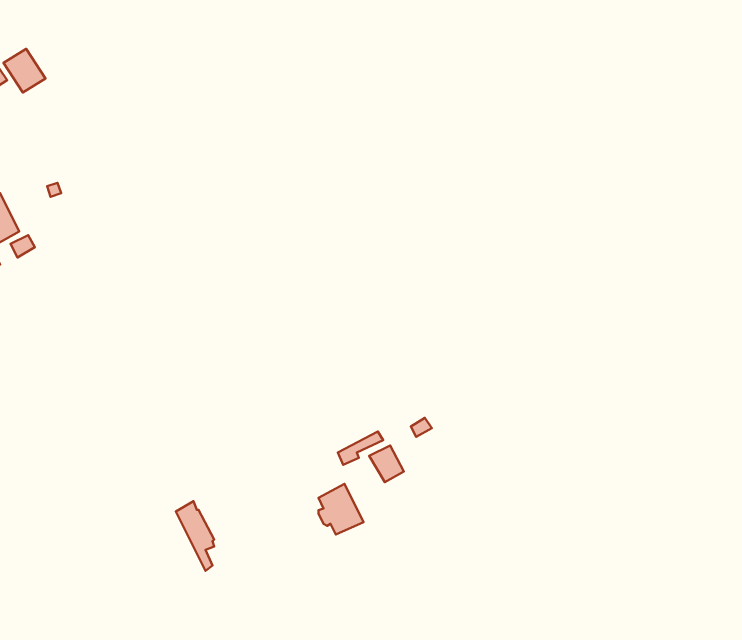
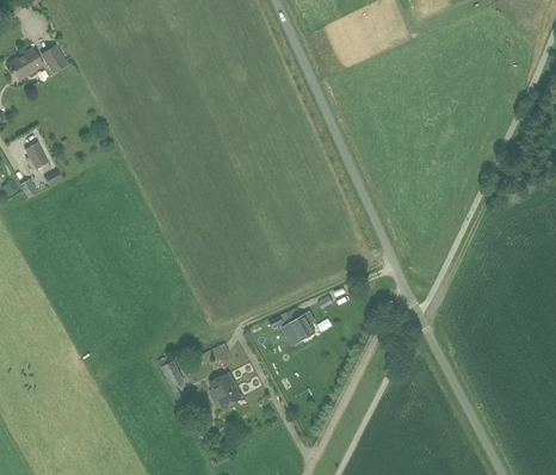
building: [318,484,364,534] -> [210,371,241,406]

